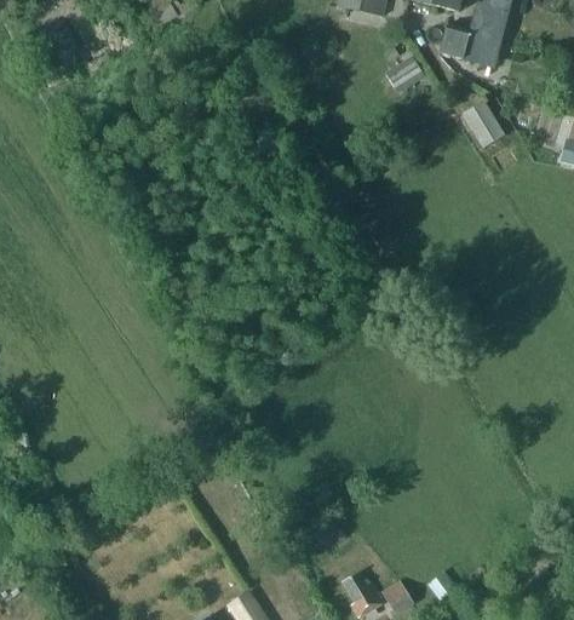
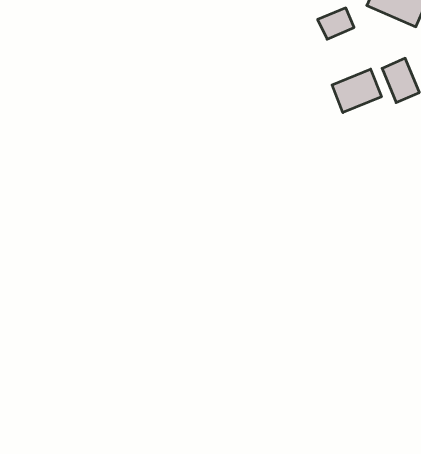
building: none -> [332,69,381,113]

